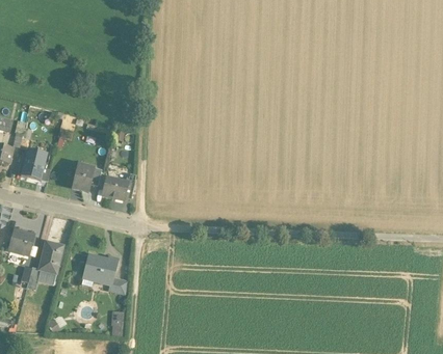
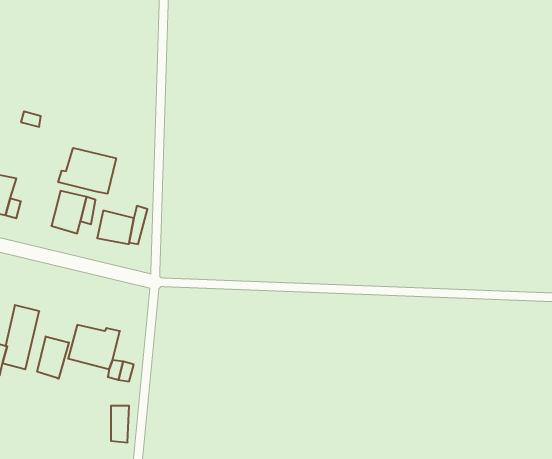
building: none -> [58,148,116,194]
building: none -> [37,336,69,379]

